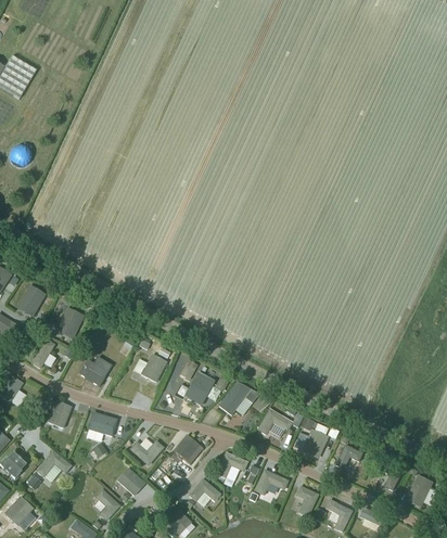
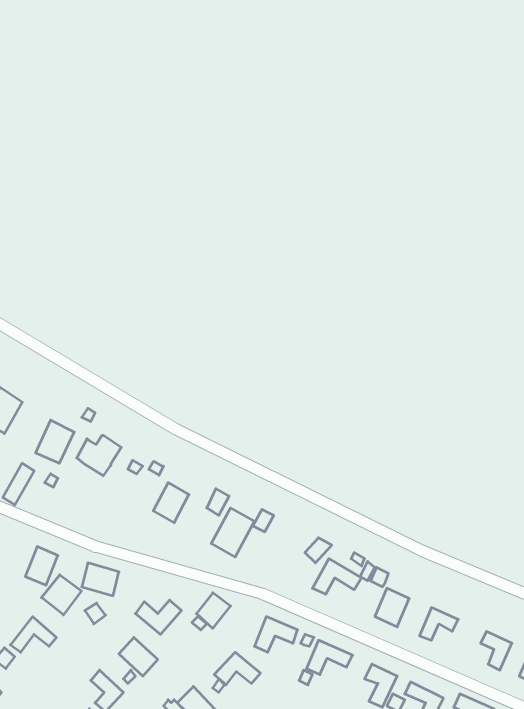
building: [78,356,111,385] -> [77,436,121,476]
building: [218,380,252,415] -> none
building: none -> [41,575,81,615]

